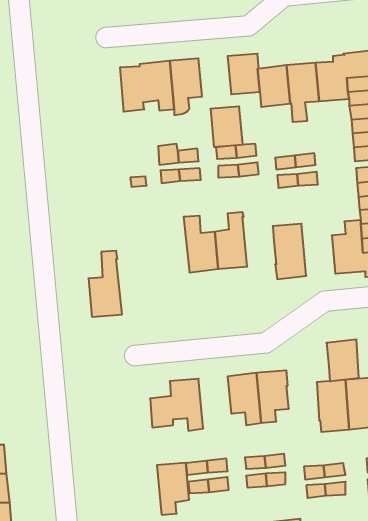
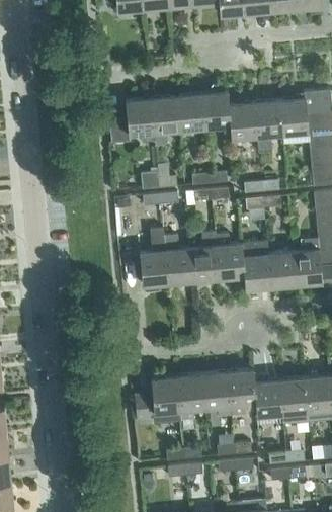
building: [210,106,243,147] -> [176,95,204,131]
building: none -> [215,235,244,279]
building: none -> [267,252,296,287]
building: [88,251,122,317] -> [139,229,168,286]
building: [326,340,359,381] -> [253,380,281,417]
building: [157,463,189,515] -> [176,375,204,421]

